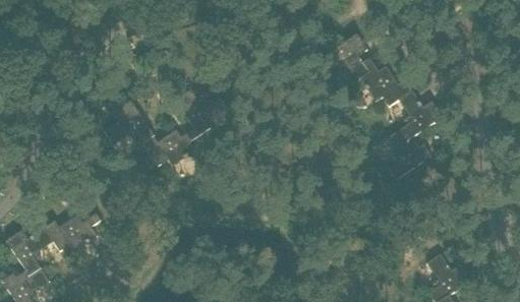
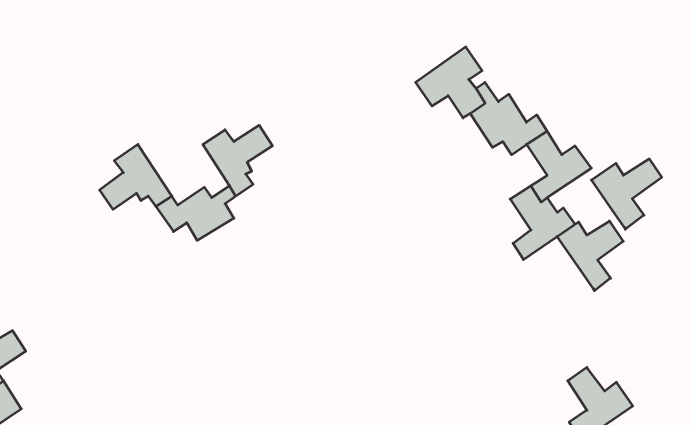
building: none -> [591,159,662,229]
building: none -> [557,221,623,291]
building: [44,214,100,251] -> none

